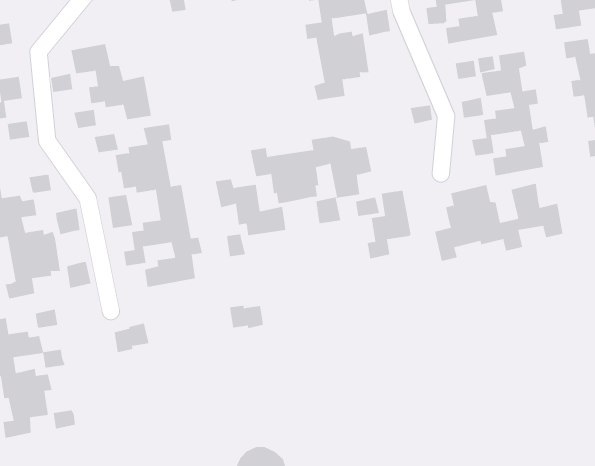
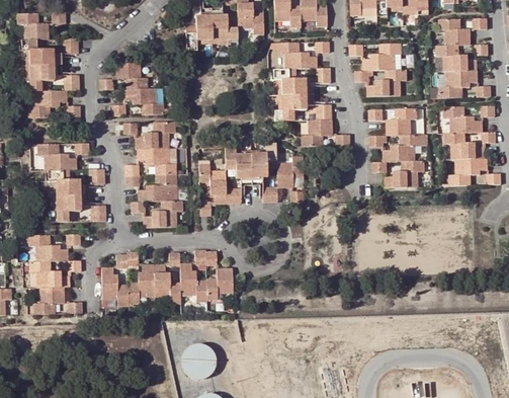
building: [434,183,563,262] -> none
building: [367,190,411,259] -> [302,104,332,147]
building: none -> [101,252,233,306]

